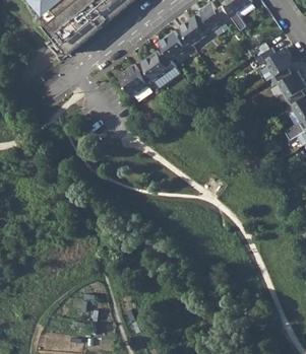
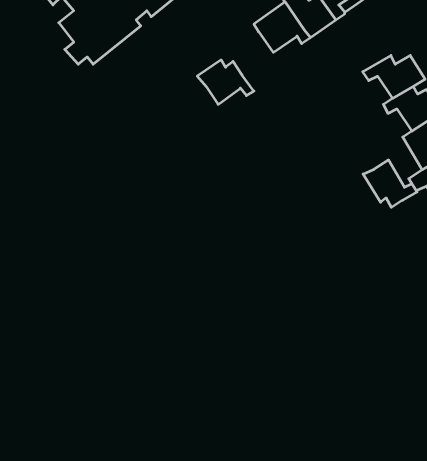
building: [158,31,196,61] -> none
building: [118,65,159,96] -> none
building: none -> [363,160,417,207]

